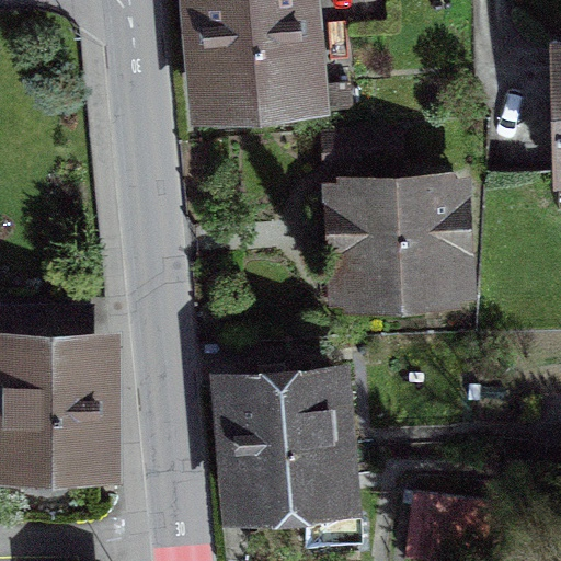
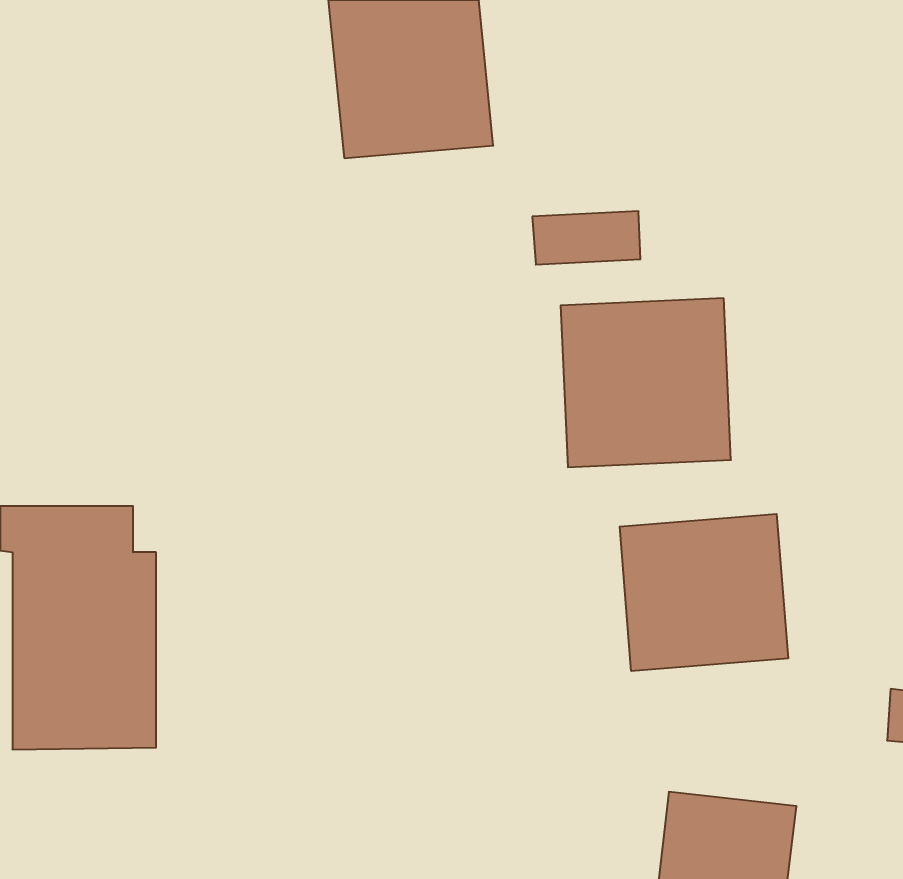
building: none -> [620,514,788,671]
building: [238,391,352,520] -> none

